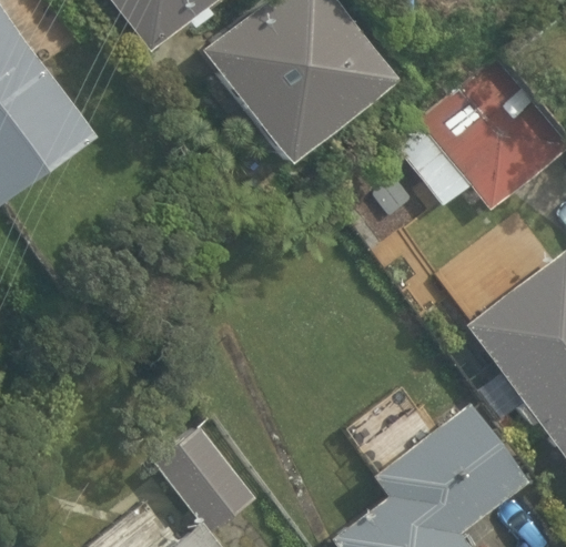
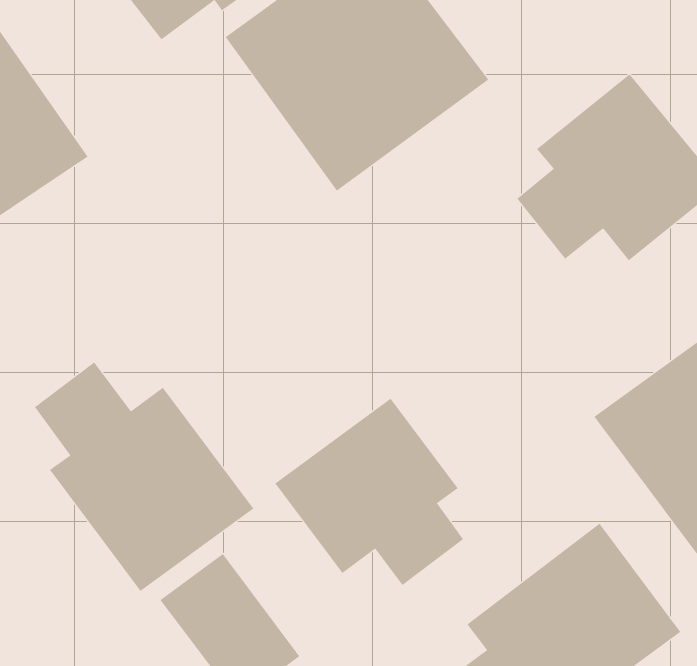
building: none -> [34,361,254,592]
building: none -> [275,398,464,586]

